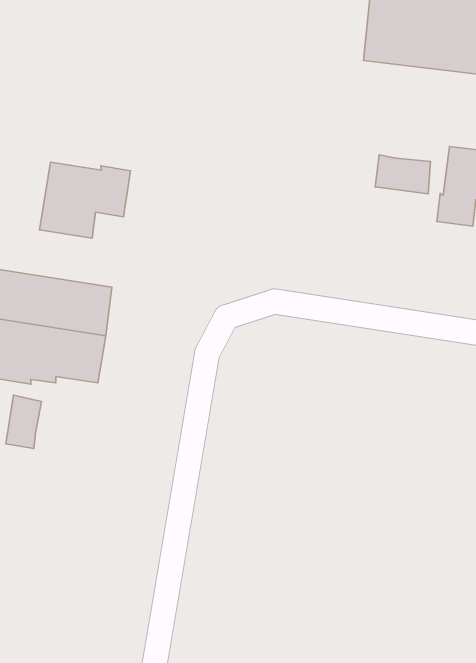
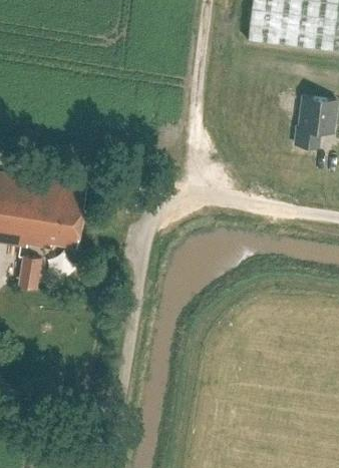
building: [375,155,430,194] -> none
building: [39,162,130,238] -> none

